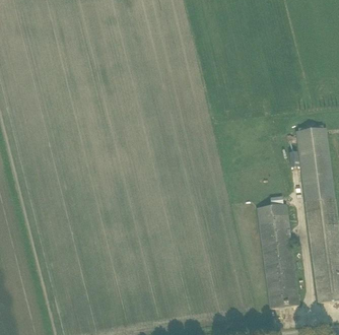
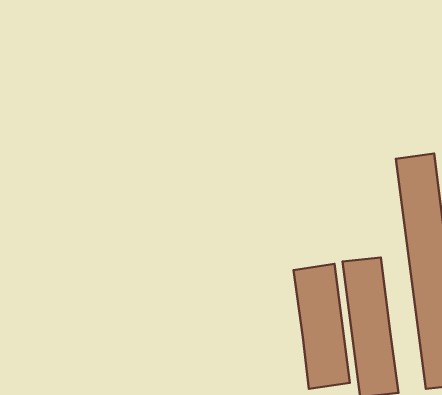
building: none -> [294,264,350,389]

